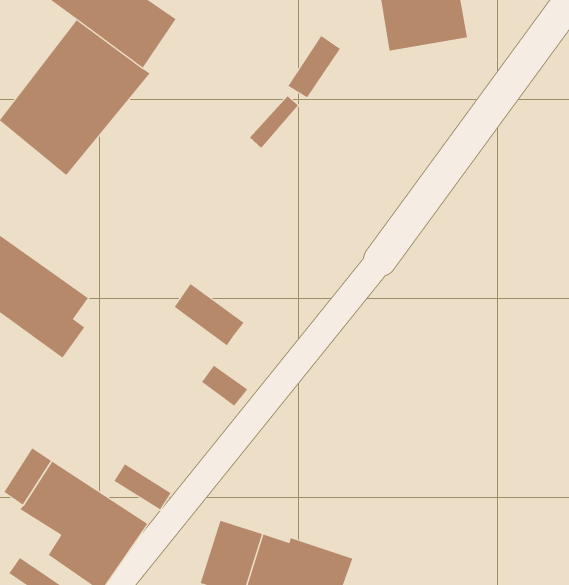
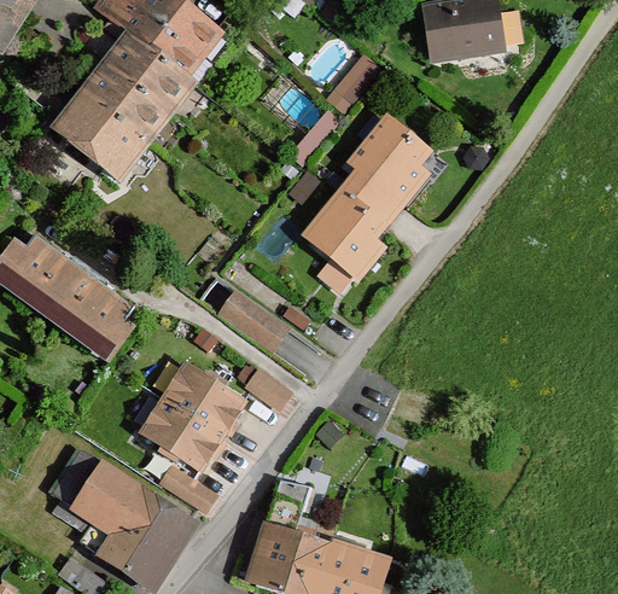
building: none -> [298,107,431,279]
building: none -> [138,360,249,474]

